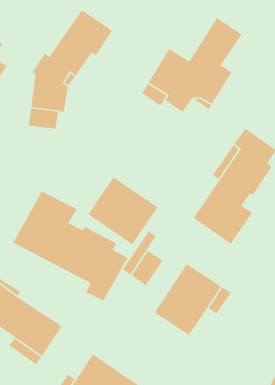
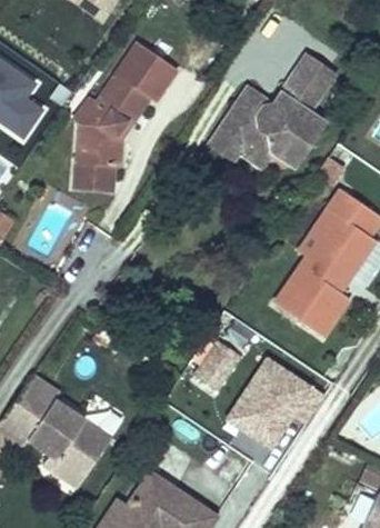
building: [88,176,158,245] -> none
building: [12,190,129,301] -> none

